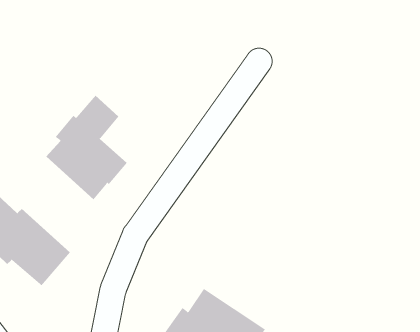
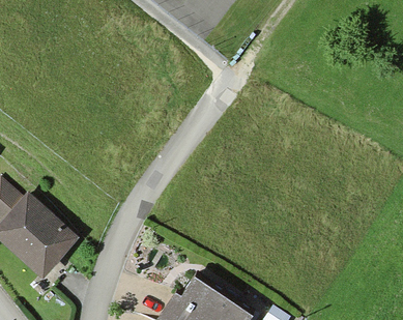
building: [45,95,127,200] -> none

